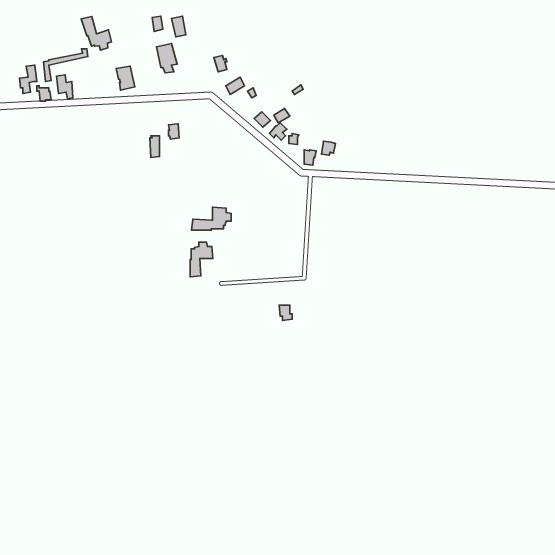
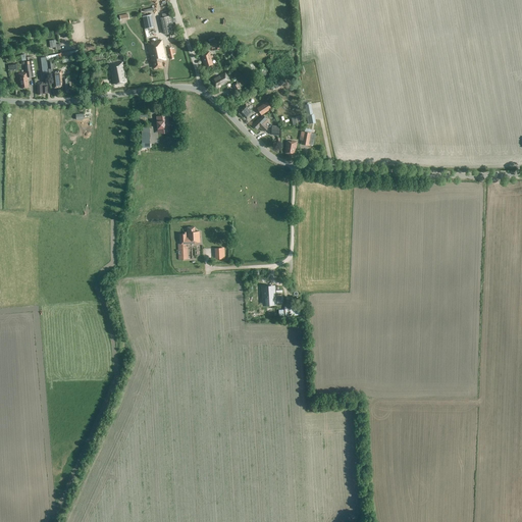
building: [81,17,111,50] -> none
building: [192,207,231,230] -> none

